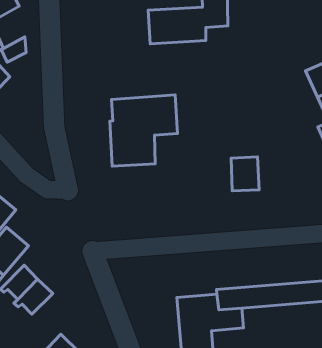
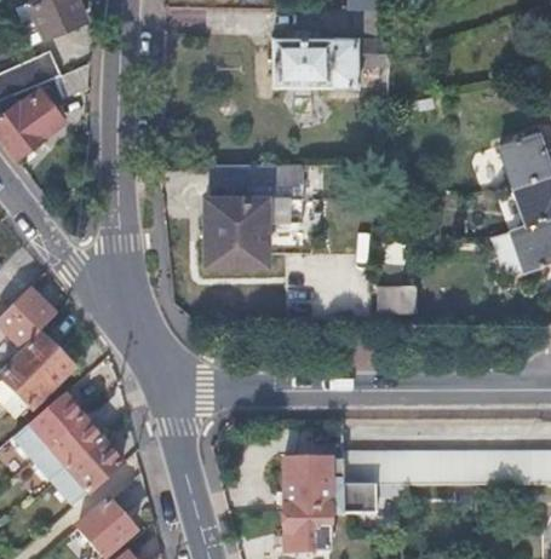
building: none -> [64,442,121,492]

